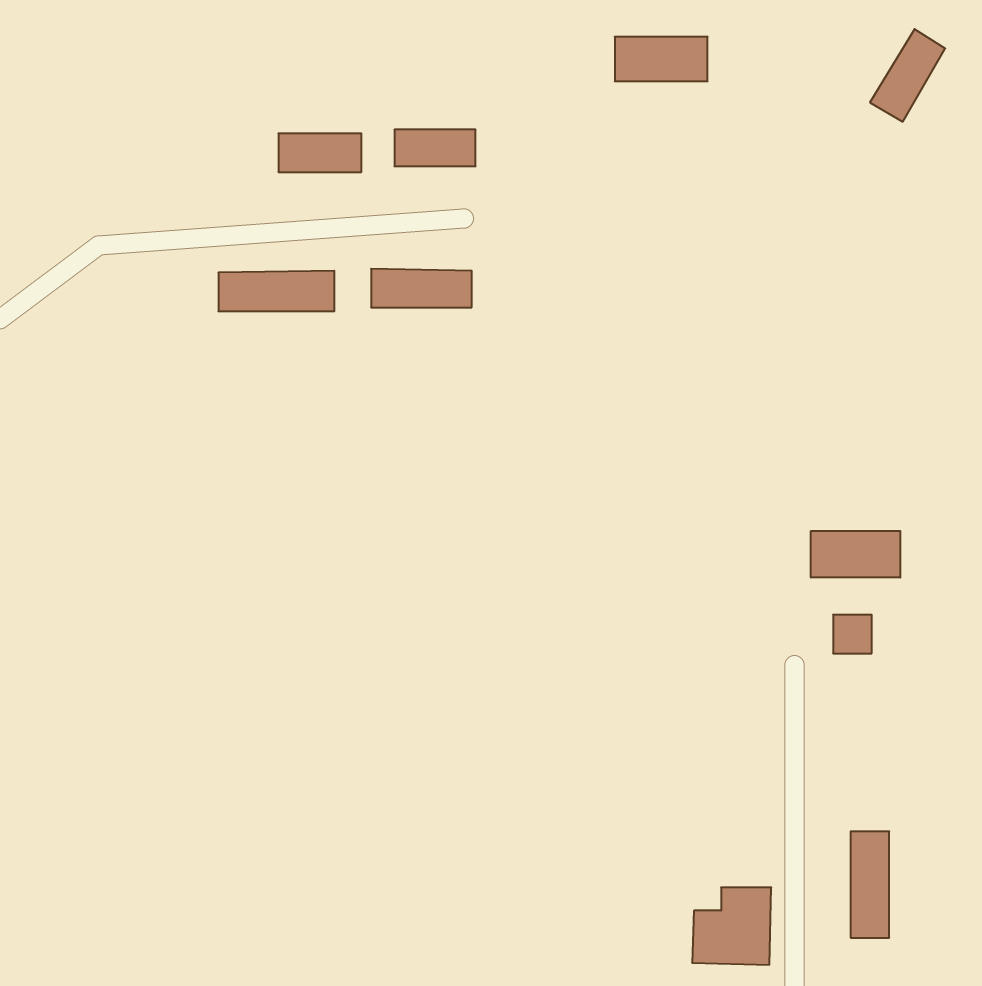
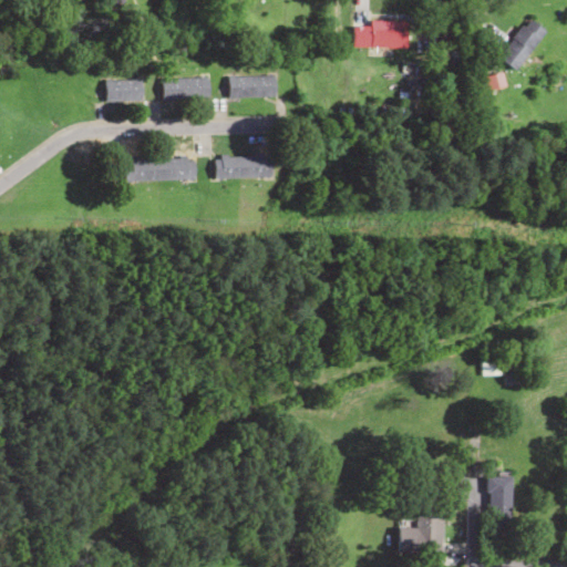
building: none -> [107,80,144,101]
building: [811,531,900,578] -> none

